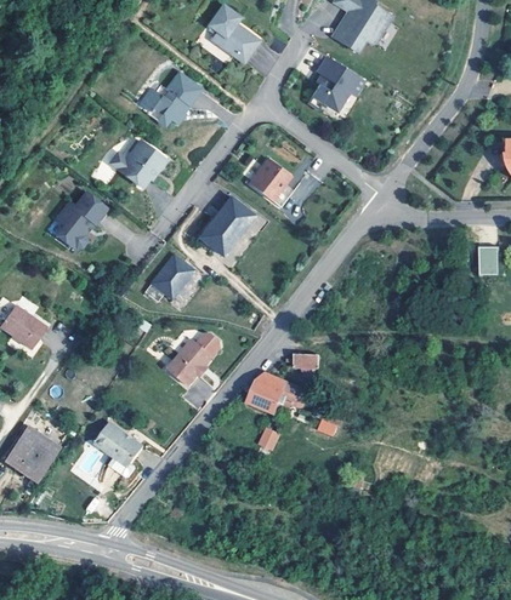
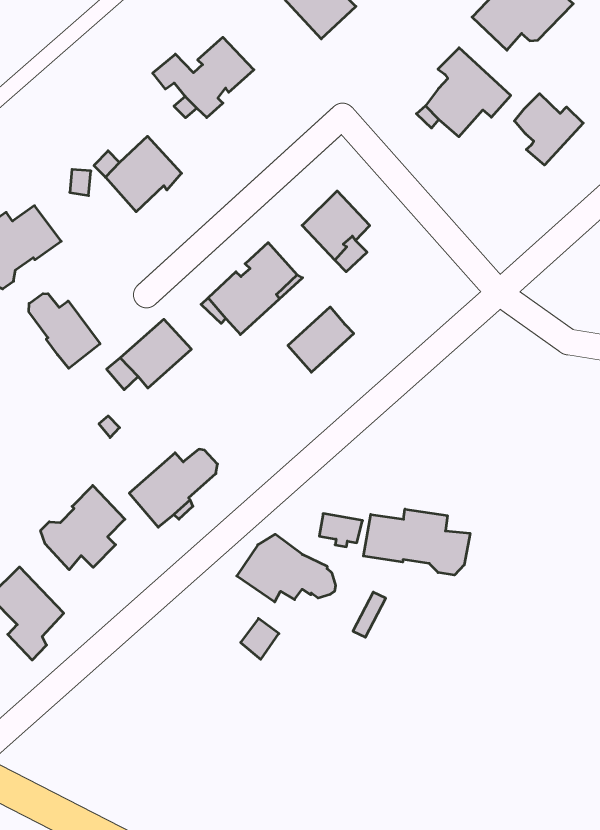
building: none -> [514,94,583,165]
building: none -> [288,307,354,372]
building: none -> [29,294,100,368]
building: none -> [363,509,470,575]
building: none -> [41,485,125,570]

